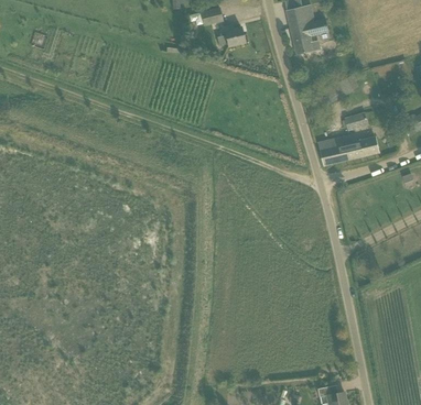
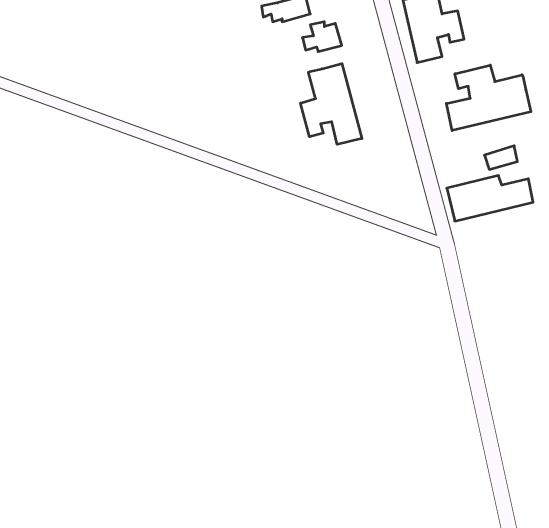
building: none -> [301,64,362,144]
building: none -> [446,65,531,131]

